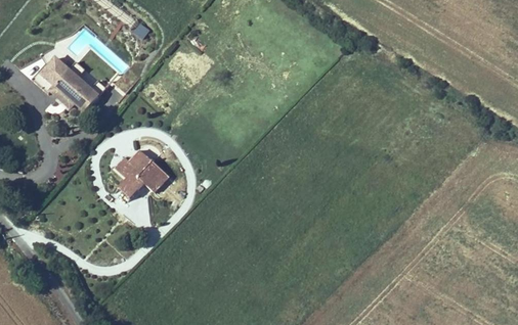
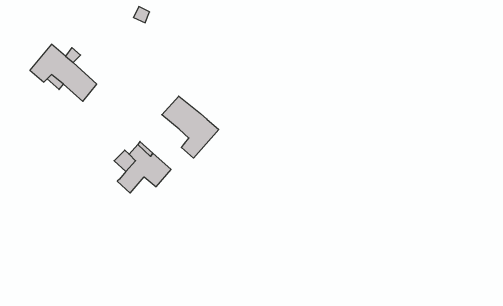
building: none -> [162,96,219,158]

